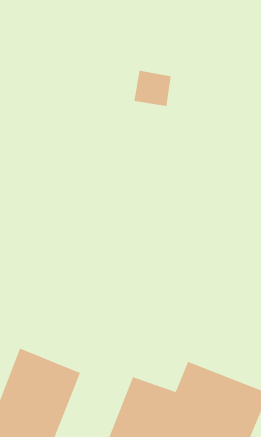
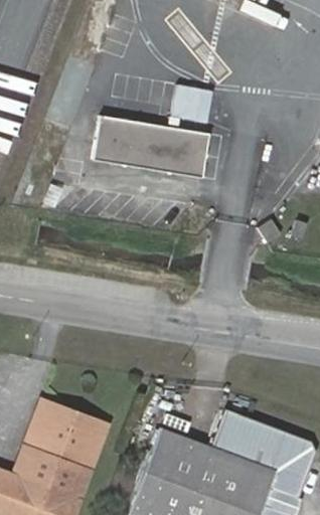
building: none -> [93,117,206,170]

